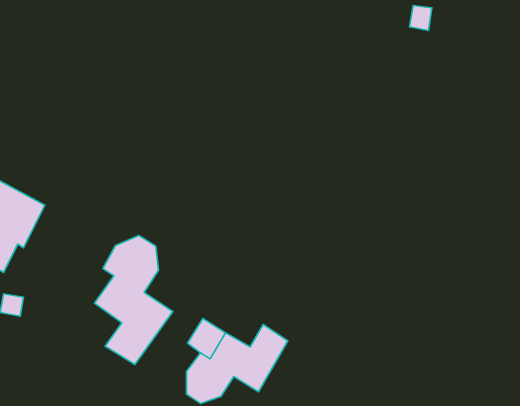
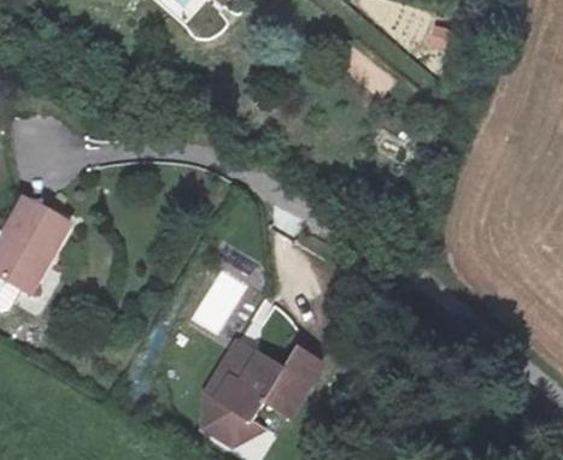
building: [95,236,173,365] -> none

